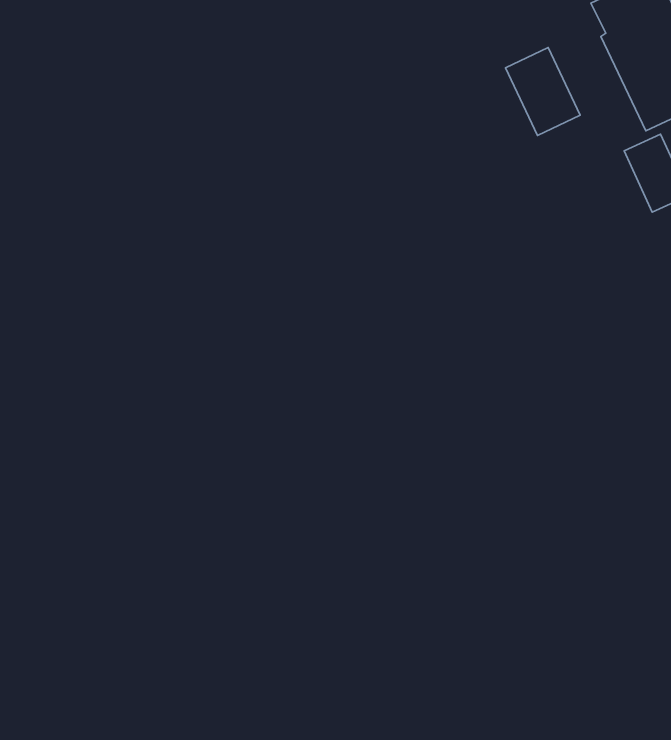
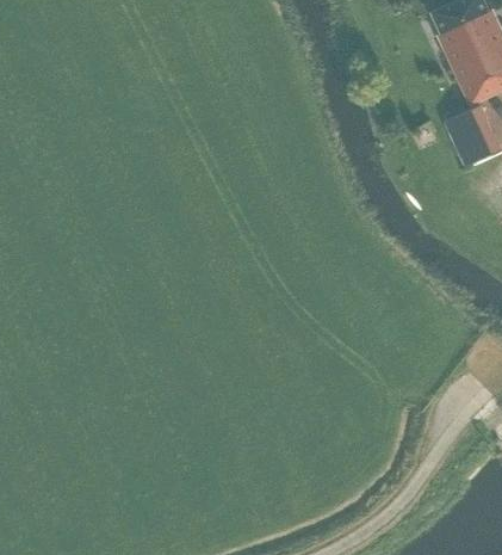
building: [506,47,580,136] -> none

